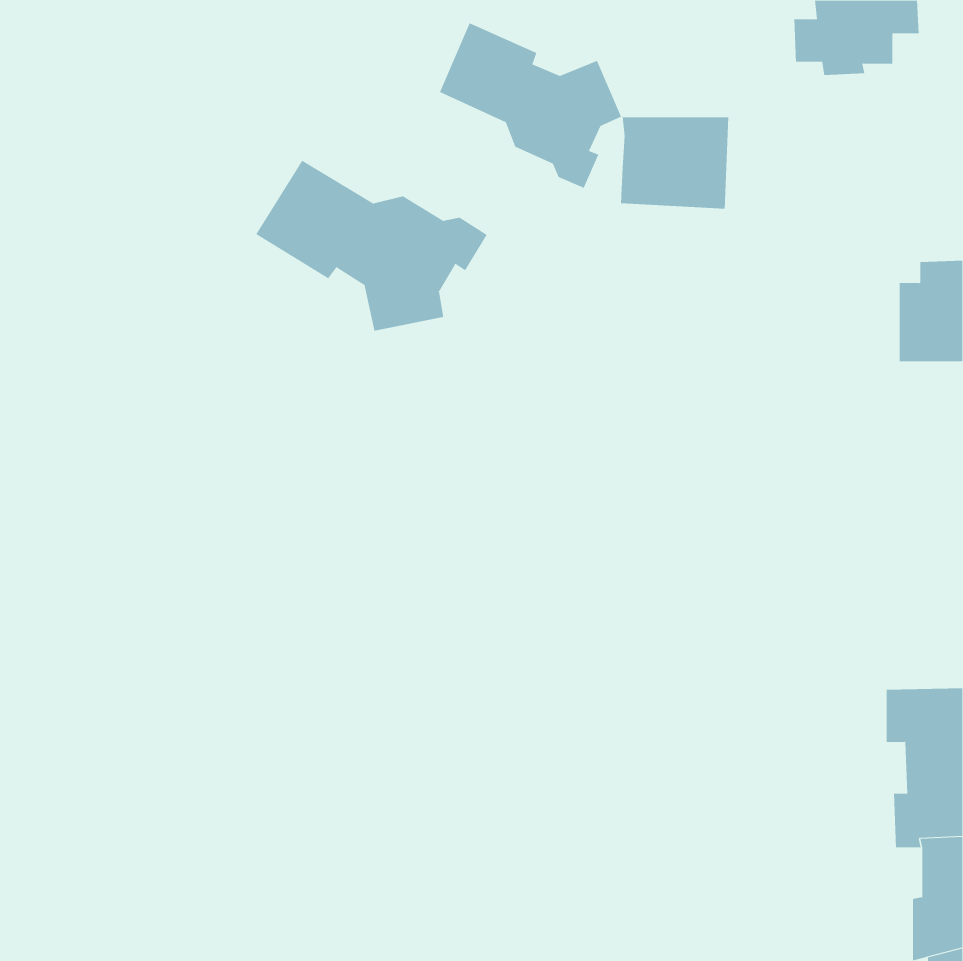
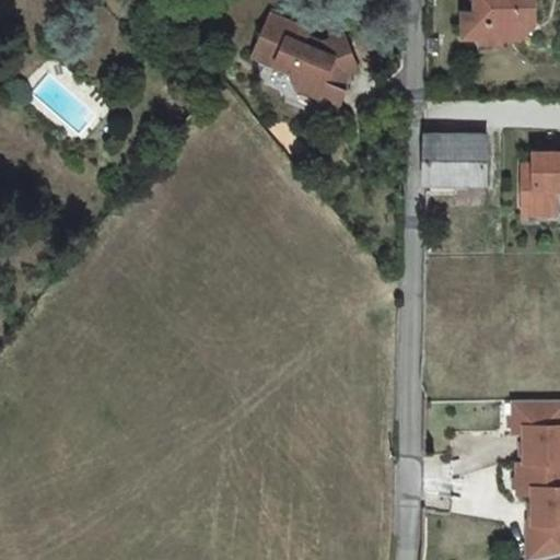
building: [620,117,729,209] -> [423,136,487,189]
building: [255,160,488,332] -> none

